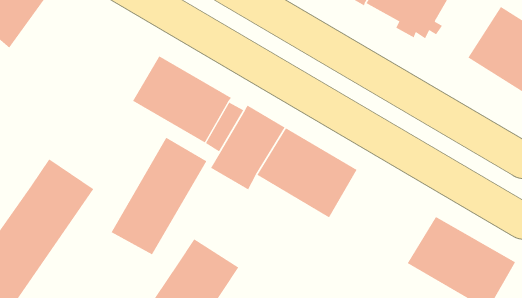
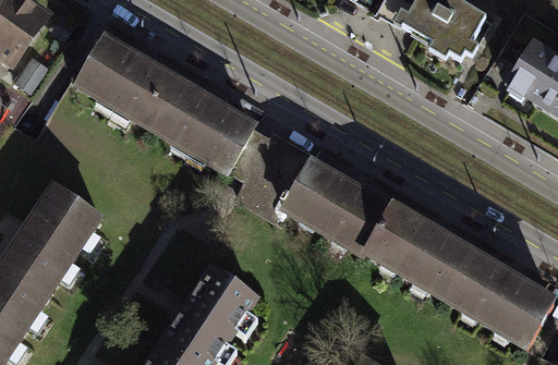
building: none -> [65,28,171,122]
building: [111,137,207,255] -> none
building: none -> [352,195,464,294]

